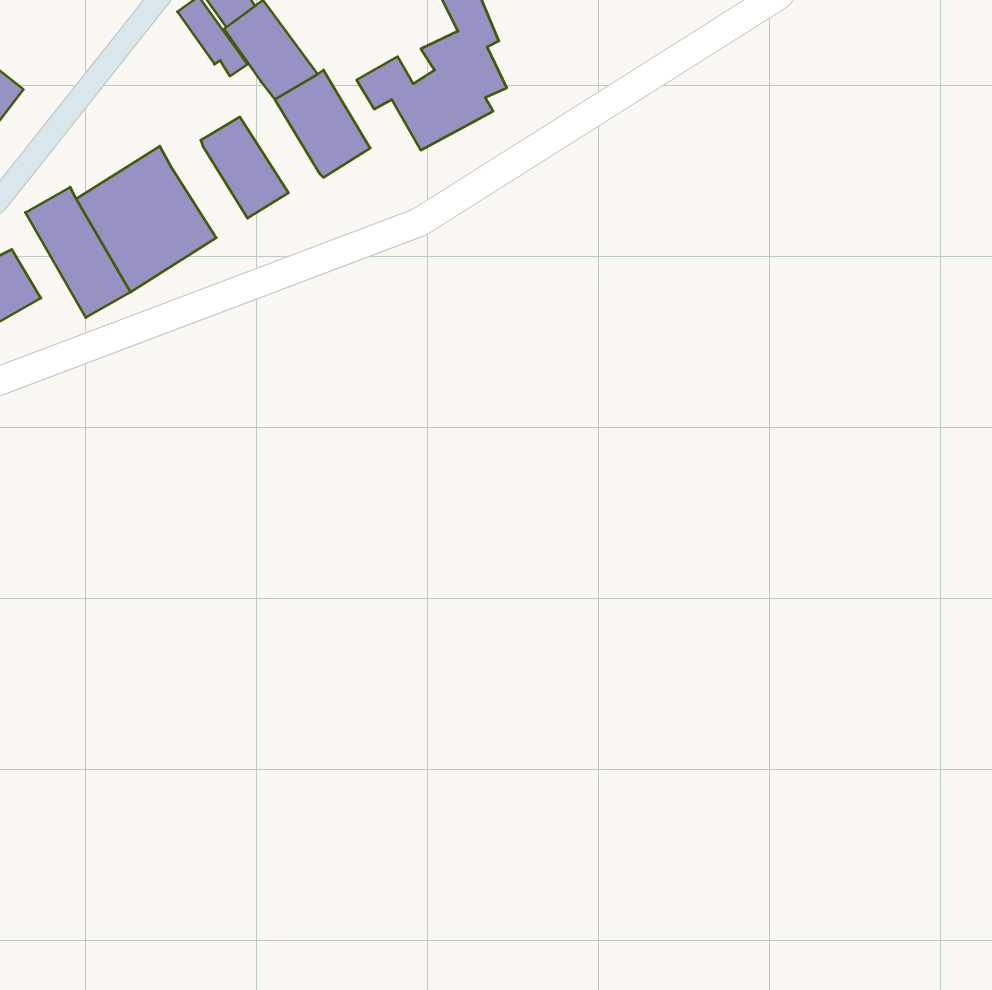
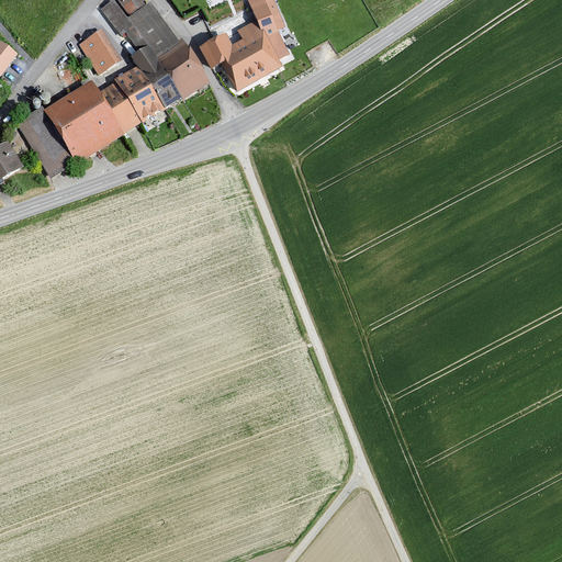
building: none -> [77,29,120,72]
building: none -> [130,46,180,109]
building: none -> [97,82,139,134]

